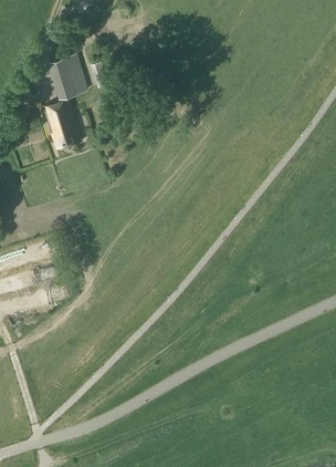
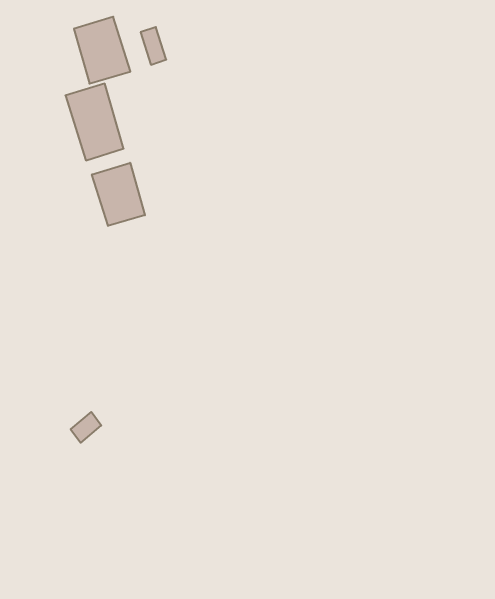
building: none -> [92,163,145,226]

